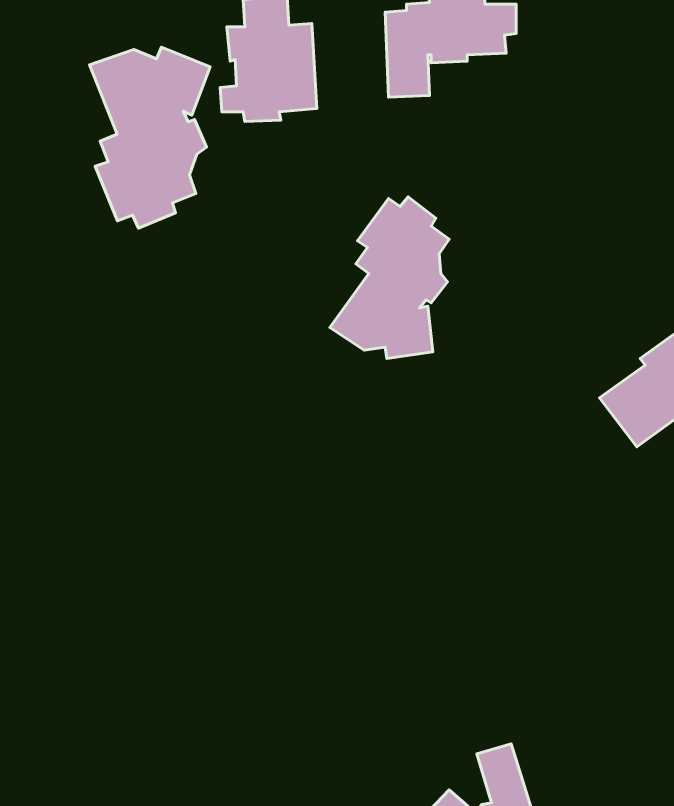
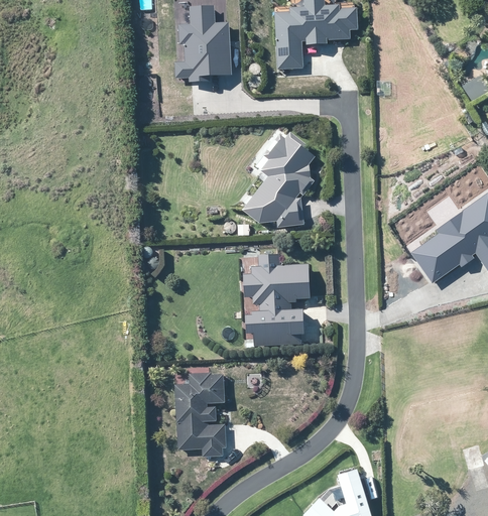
building: [89,47,210,228] -> none
building: none -> [242,252,311,344]
building: none -> [175,369,226,454]

